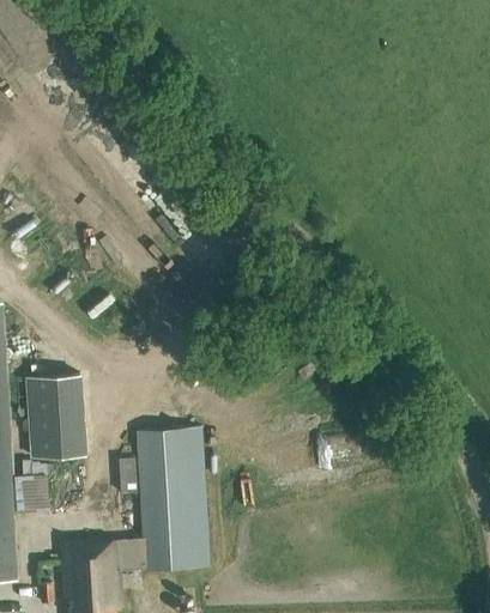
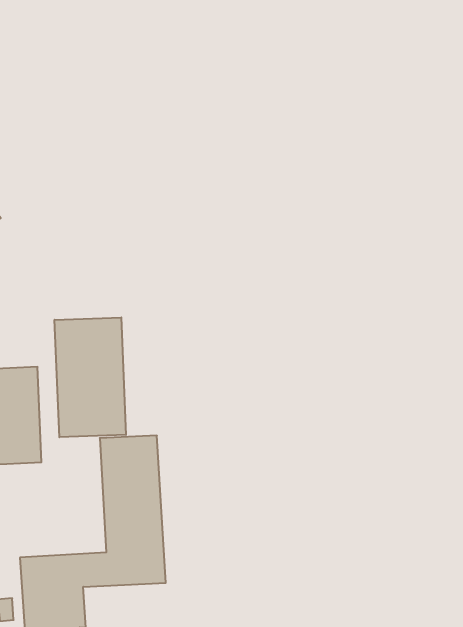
building: none -> [55,317,126,437]

